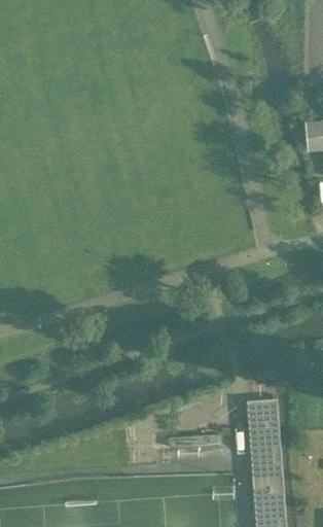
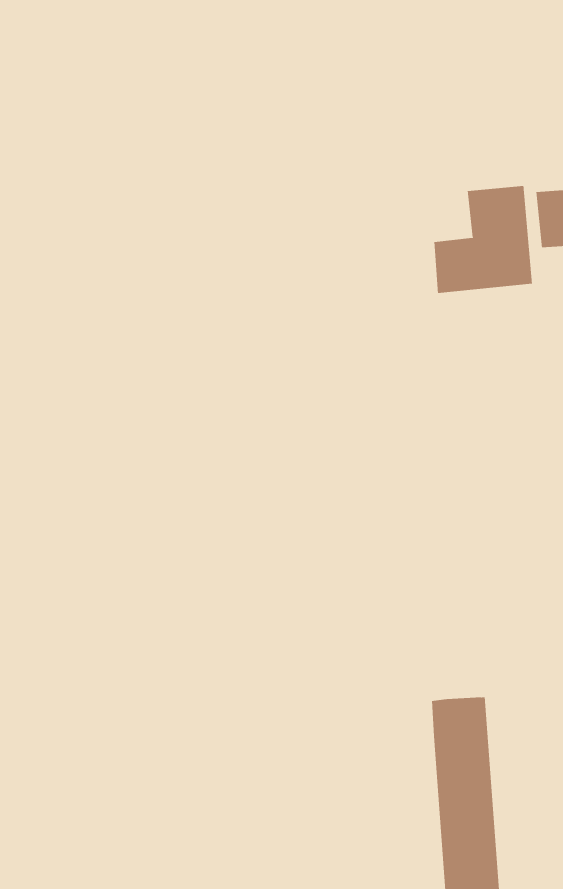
building: none -> [434,185,533,294]

